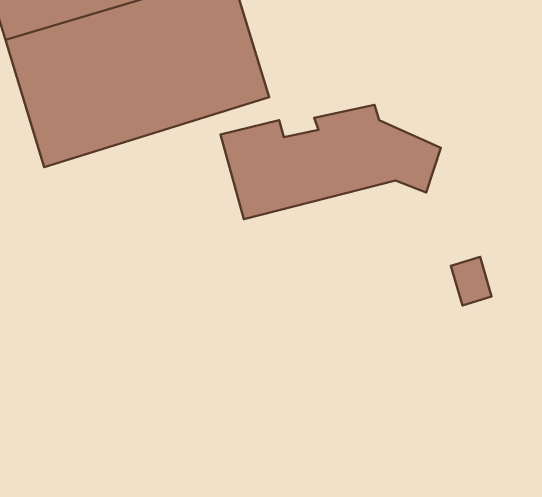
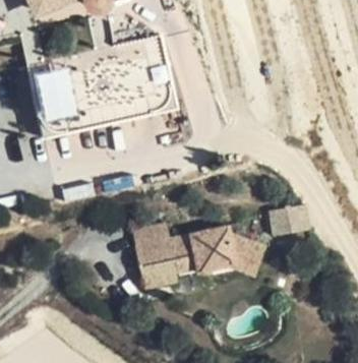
building: [220,105,441,219] -> [134,222,261,283]

